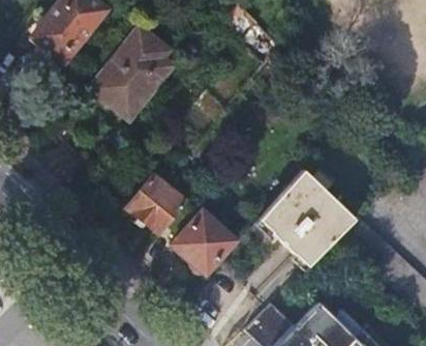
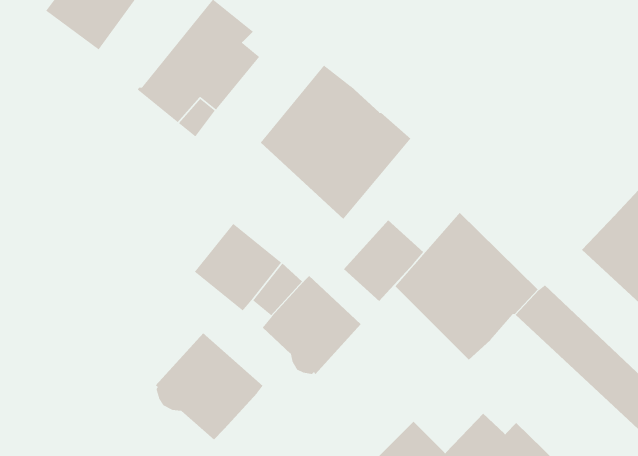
building: none -> [260,64,412,220]
building: none -> [343,219,424,302]
building: none -> [155,333,264,441]

